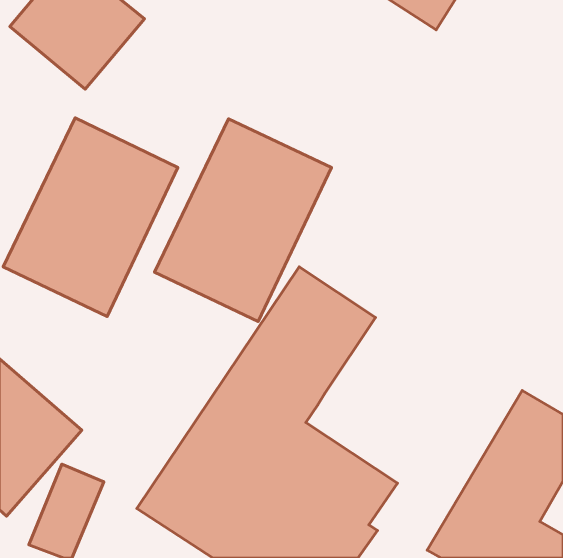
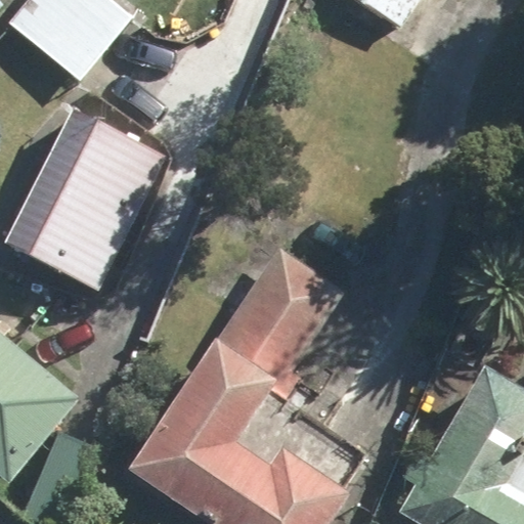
building: [154,119,332,322] -> none

